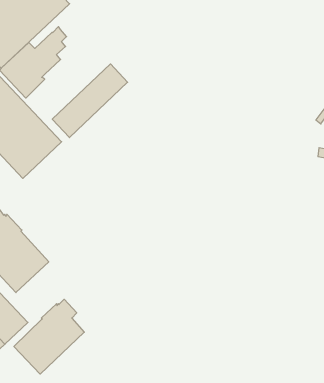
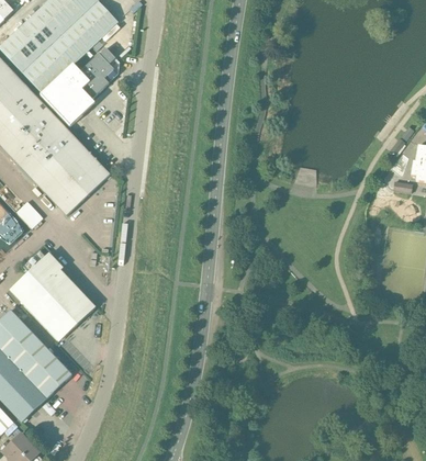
building: [52,64,128,138] -> none
building: [14,299,84,374] -> none

